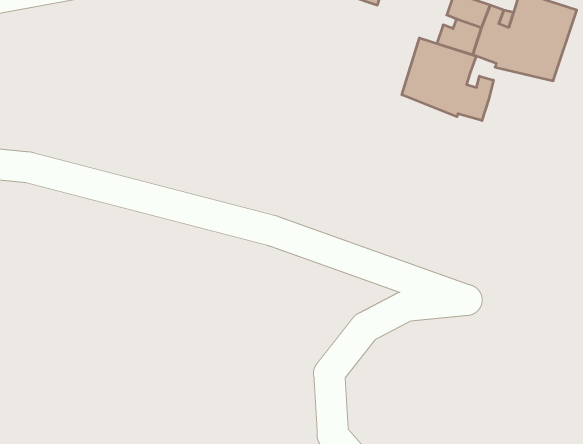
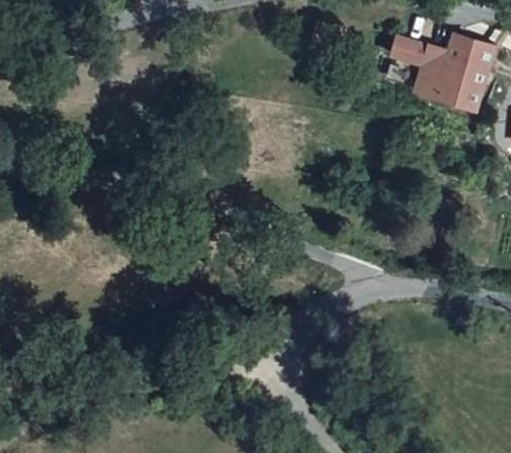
building: [402,38,493,121] -> none

